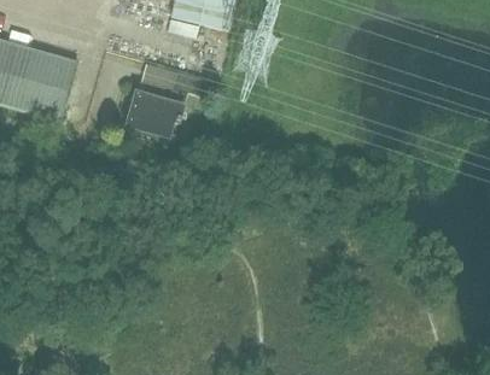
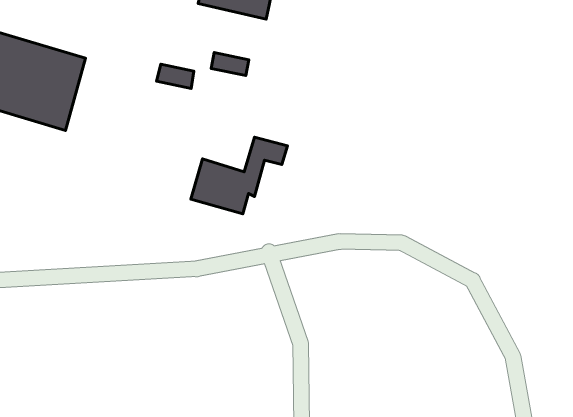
building: [123,71,204,135] -> [191,137,288,214]

